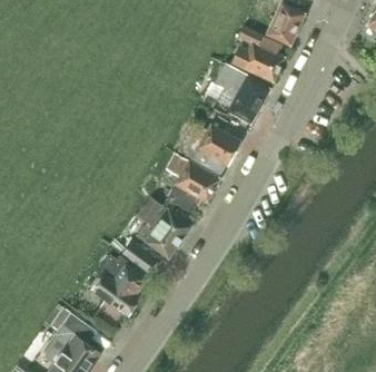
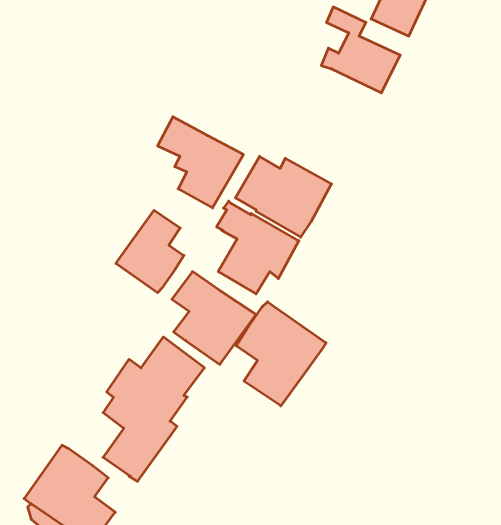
building: [214,65,269,124] -> [158,117,243,208]
building: none -> [116,210,184,293]
building: none -> [236,302,326,406]

